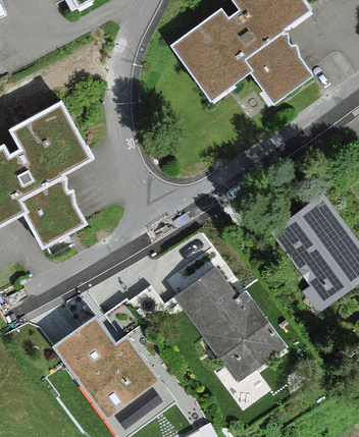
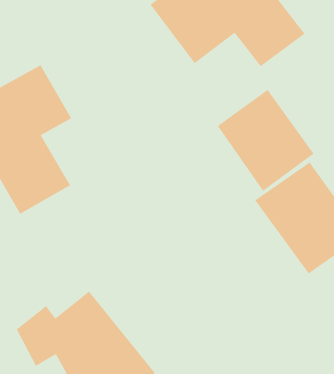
building: none -> [217,89,314,192]
building: [164,261,286,388] -> none

